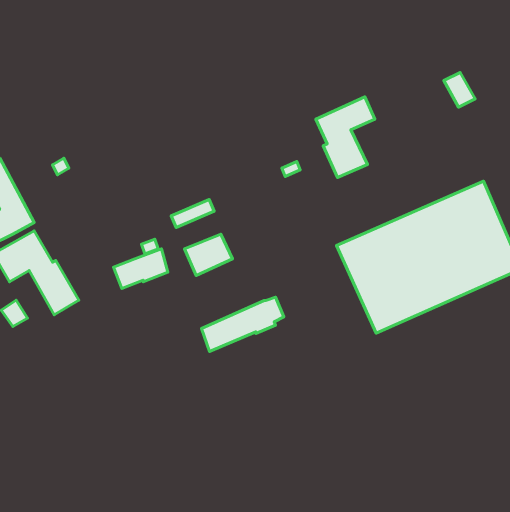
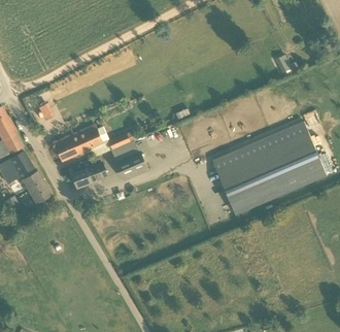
building: [316,97,375,177] -> none
building: [201,297,284,351] -> [58,127,109,161]

